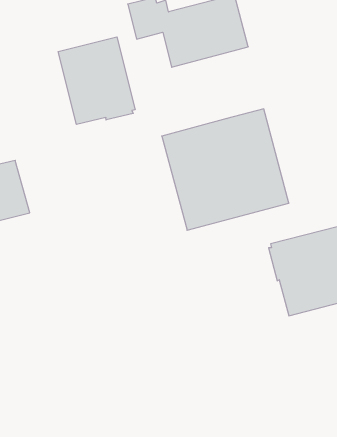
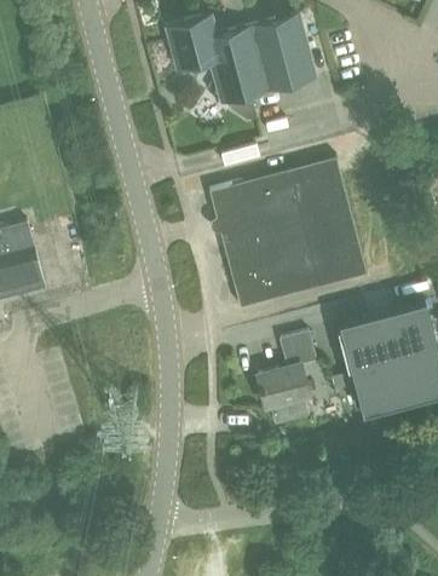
building: [58,37,135,124] -> none
building: none -> [258,332,317,409]

